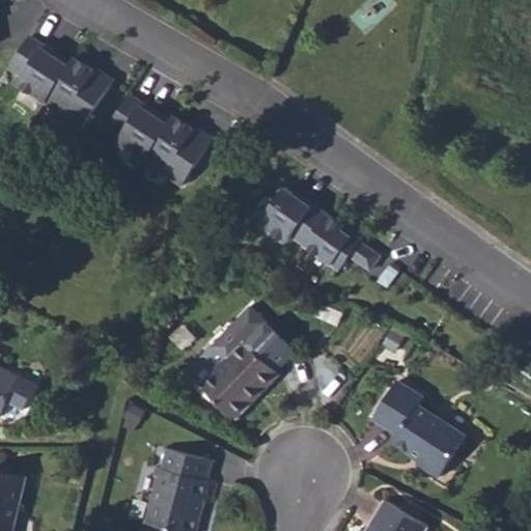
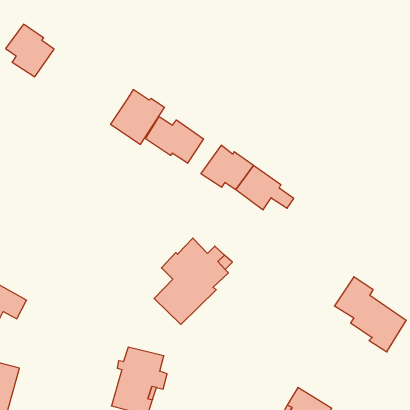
building: [45,58,113,128] -> none
building: [107,96,166,163] -> none
building: none -> [146,117,204,163]
building: [370,381,463,477] -> [334,277,406,352]

